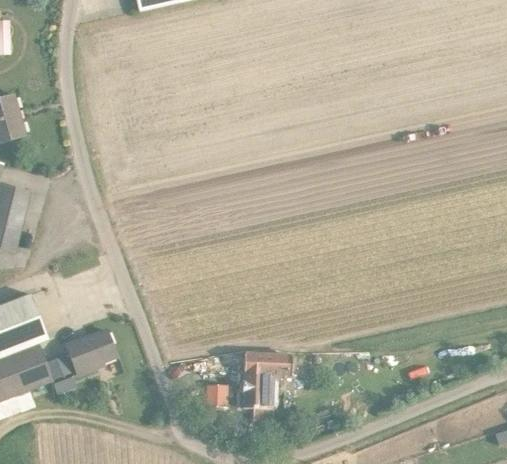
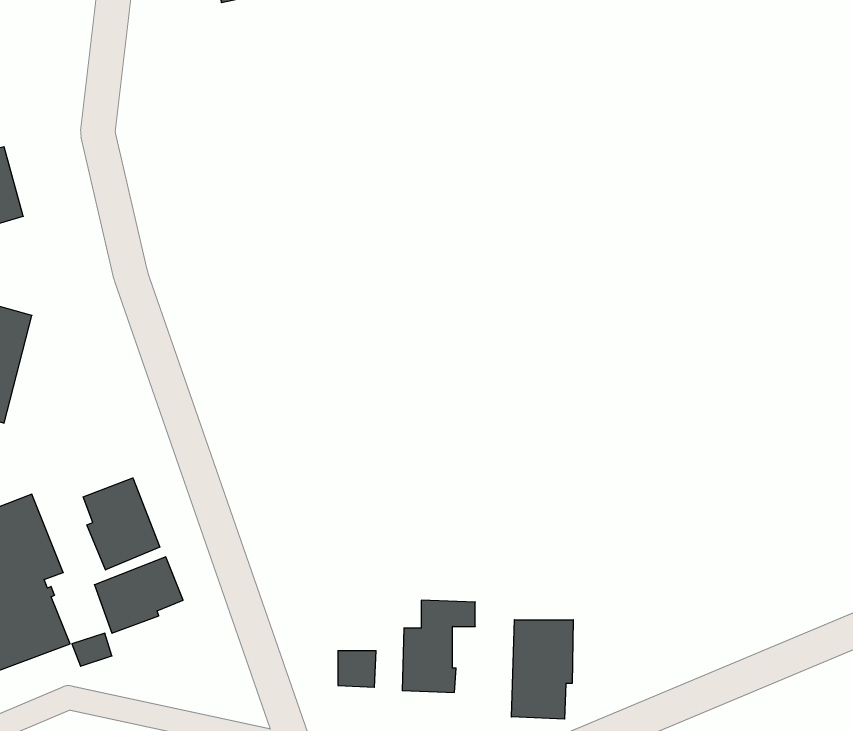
building: none -> [83,478,160,570]
building: none -> [511,620,573,719]

